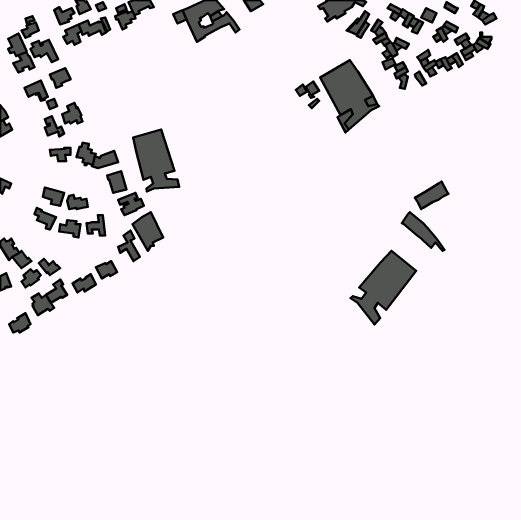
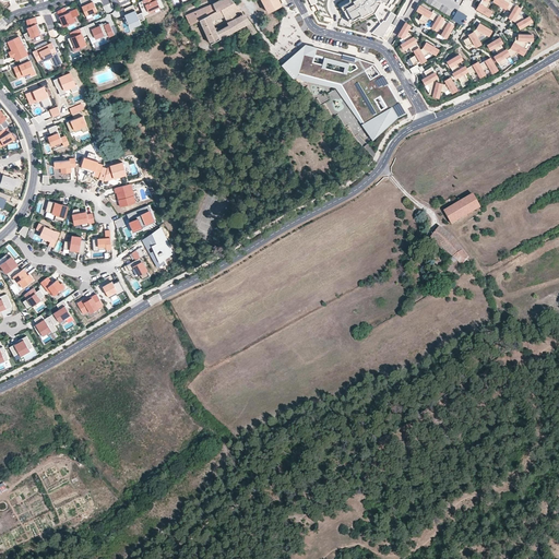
building: none -> [282,46,374,84]
building: [133,129,179,191] -> none
building: [350,251,416,325] -> none

